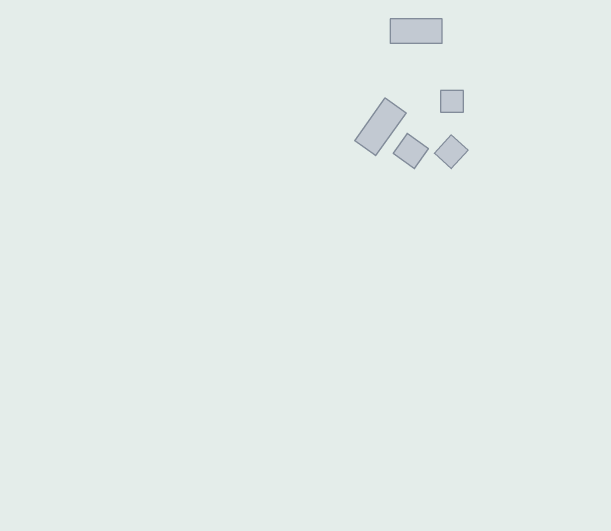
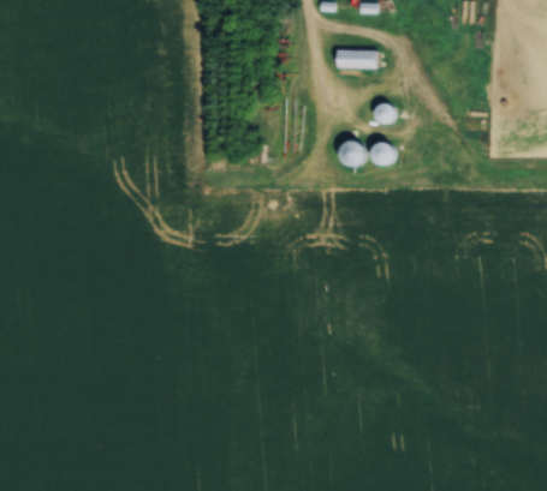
building: [355,98,406,156] -> none

